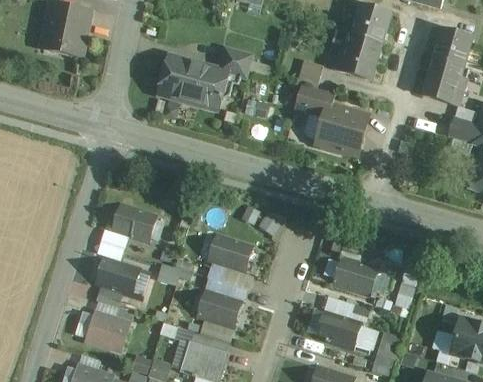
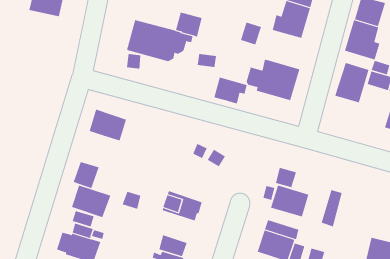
building: [293,85,334,118] -> [213,77,248,104]
building: none -> [334,62,369,103]
building: [111,203,157,242] -> [89,109,127,141]
building: [208,233,253,270] -> none
building: [197,288,242,326] -> none

